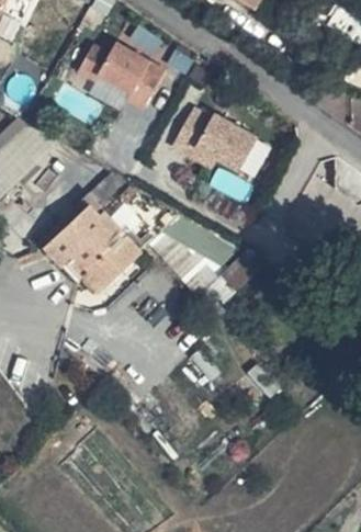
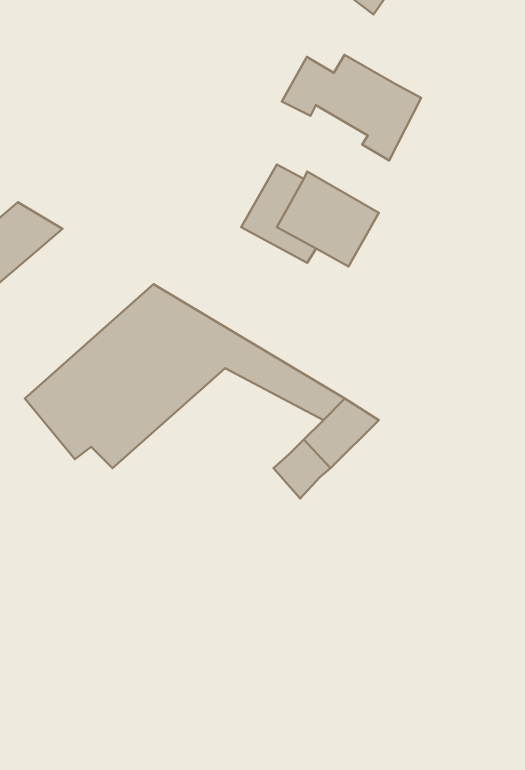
building: [79,44,165,109] -> [282,55,421,160]

